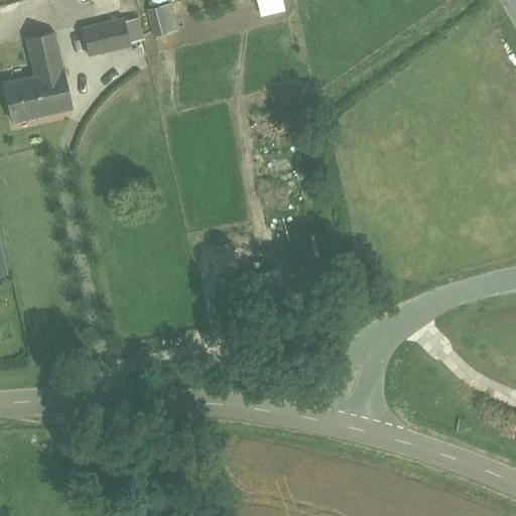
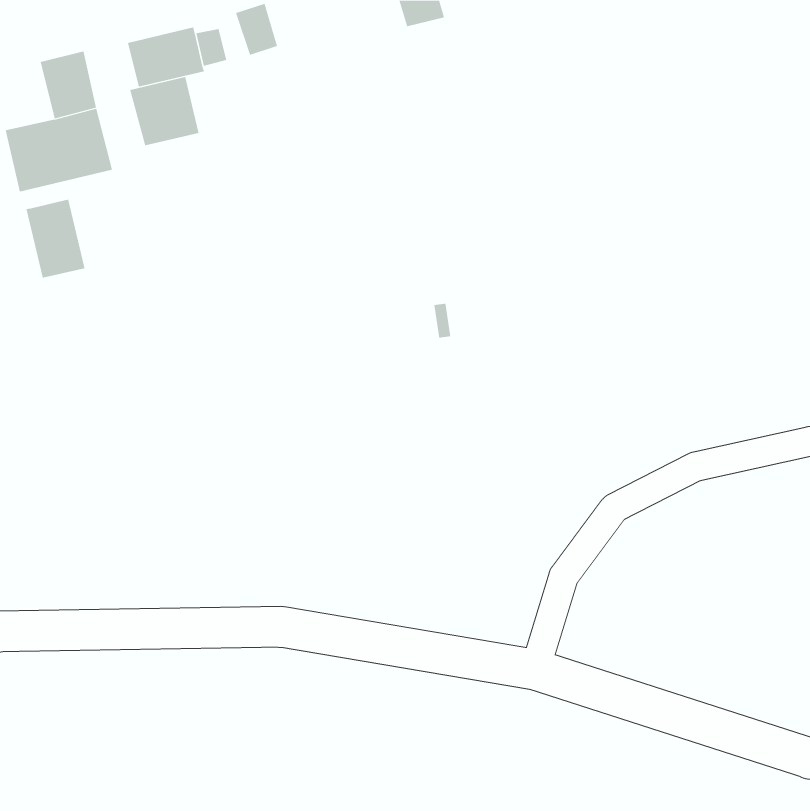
building: none -> [129,76,199,146]
building: none -> [26,199,85,279]

